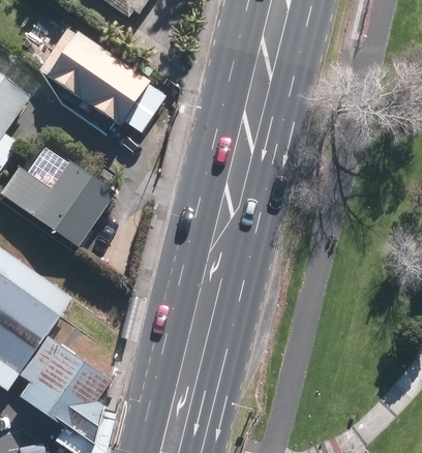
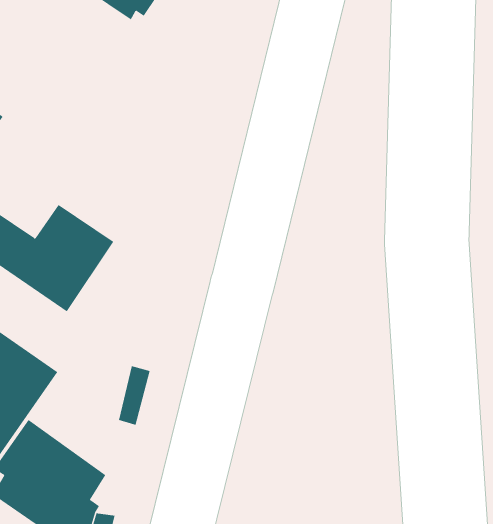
building: [37,32,165,133] -> none

